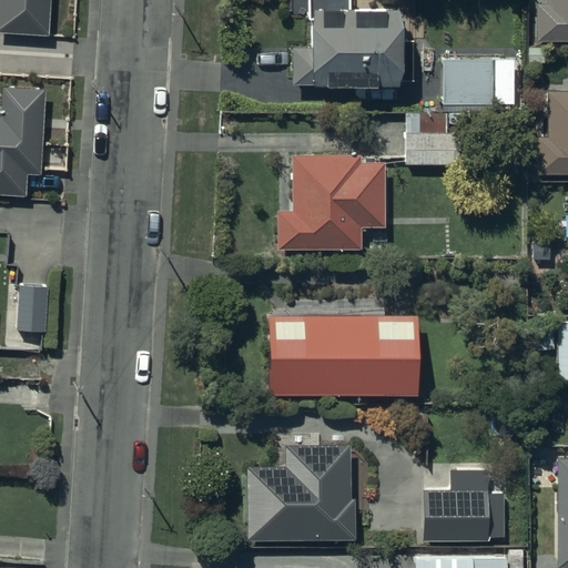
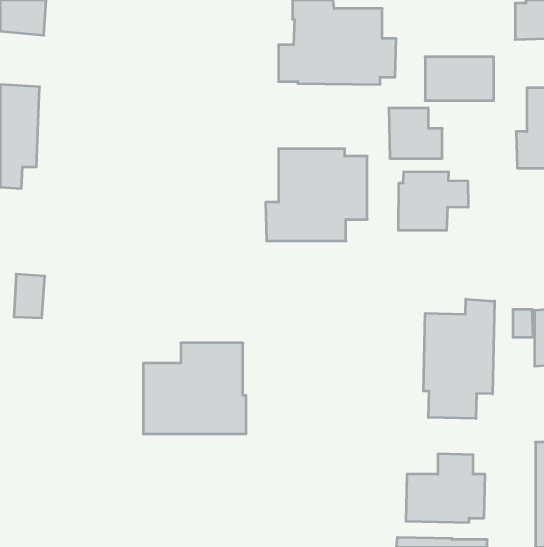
building: none -> [399,172,468,230]
building: [268,301,415,393] -> none
building: none -> [423,299,495,419]
building: [247,445,354,539] -> [143,343,246,434]

